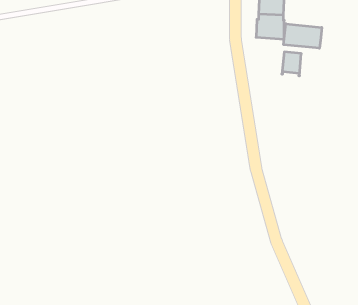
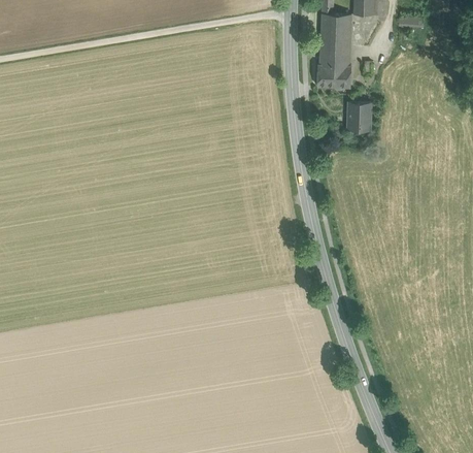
building: [284,24,322,48] -> none

